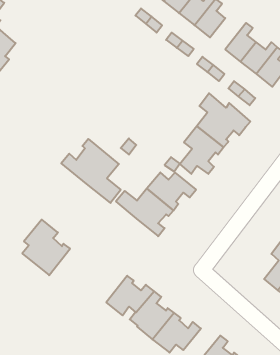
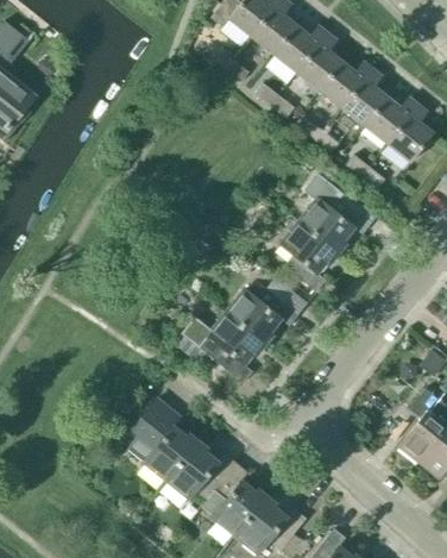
building: none -> [320,61,373,107]
building: [61,139,121,203] -> none
building: [22,220,70,275] -> [128,397,199,479]

